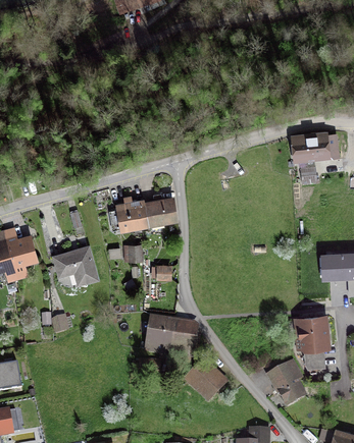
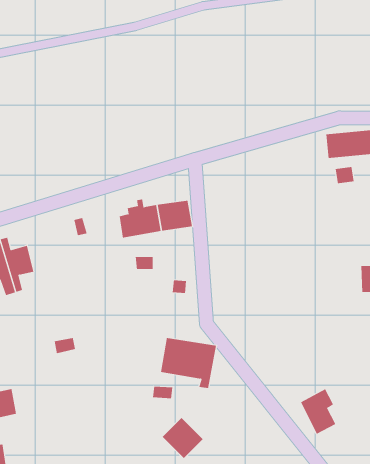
building: [54,246,98,283] -> none
building: [295,318,327,369] -> none
building: [188,364,224,400] -> [162,417,203,459]

